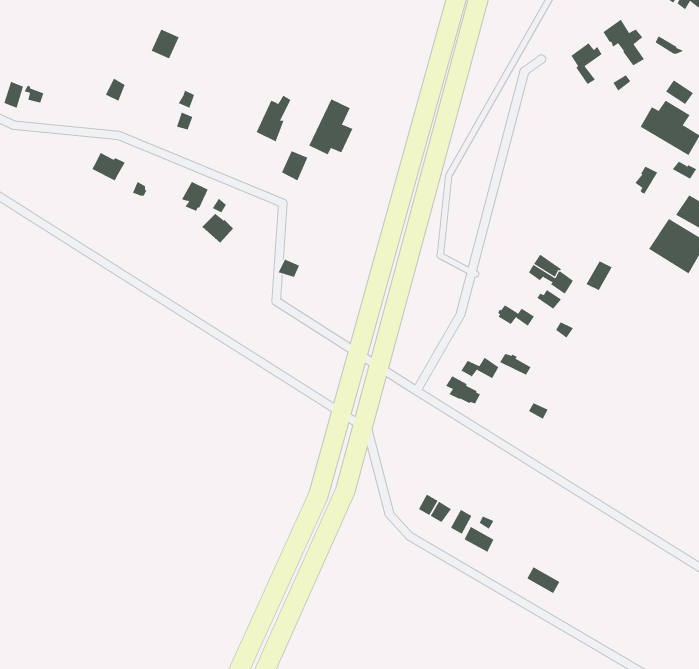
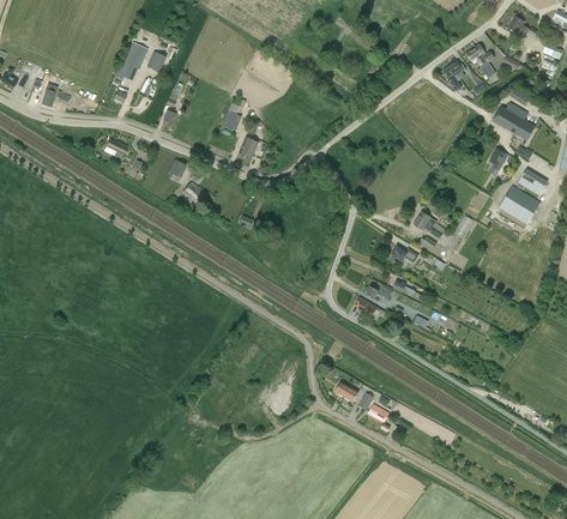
building: none -> [114,42,149,82]
building: [309,99,353,155] -> none

